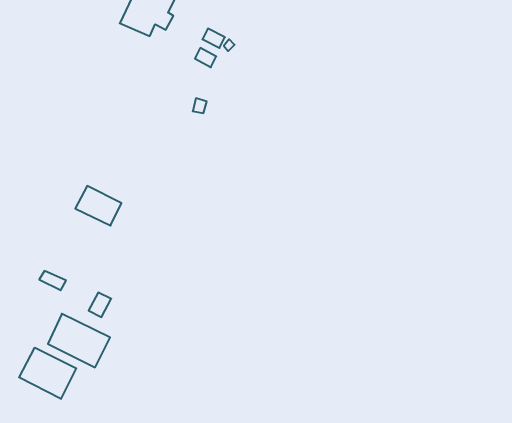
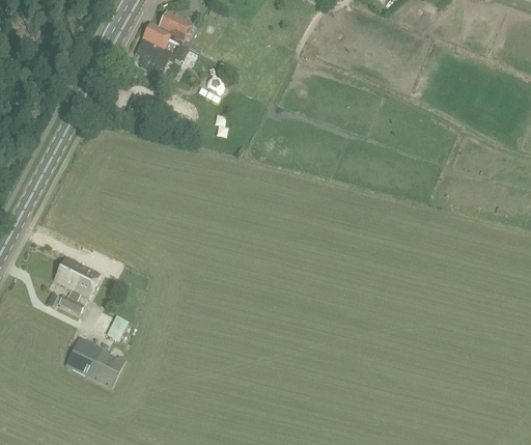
building: [75,186,121,226] -> [53,257,97,296]
building: [19,348,76,399] -> none

